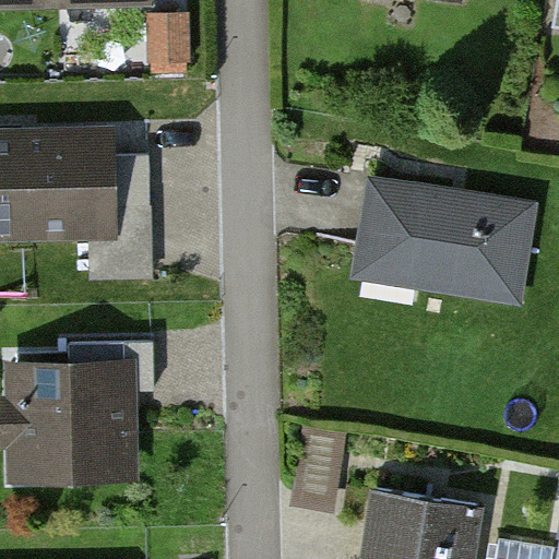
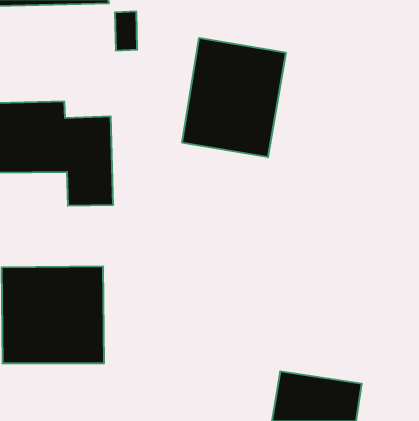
building: none -> [182,38,286,157]
building: [359,177,536,295] -> none

